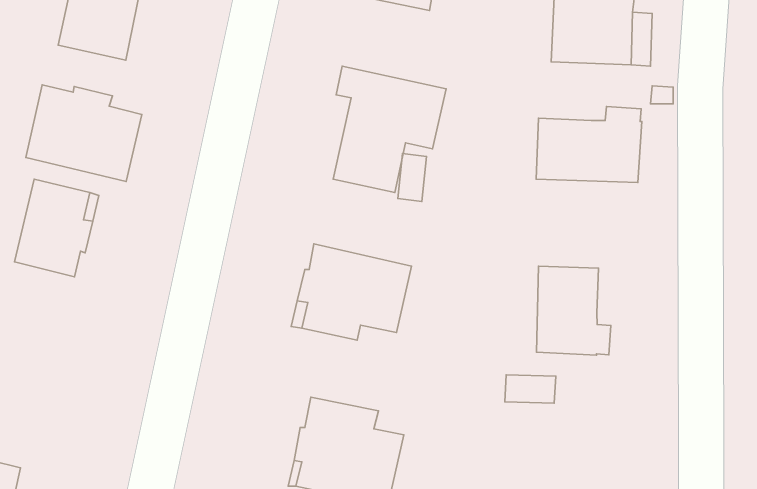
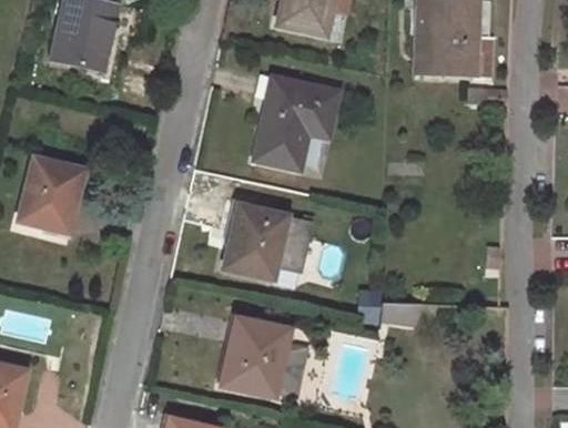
building: [26,85,142,181] -> none
building: [536,107,642,182] -> none
building: [536,266,611,355] -> none

